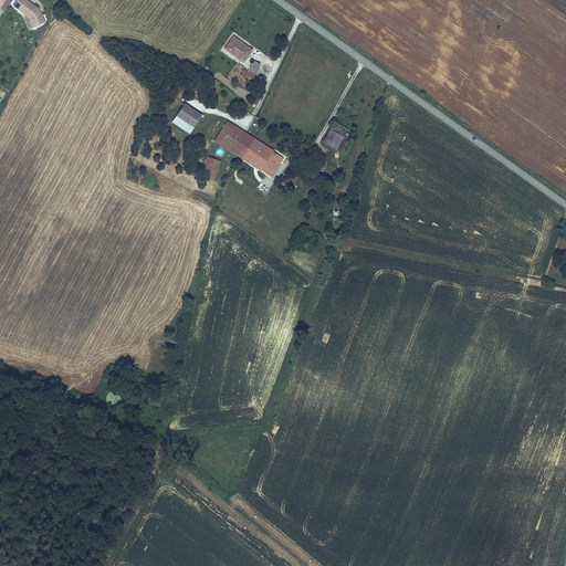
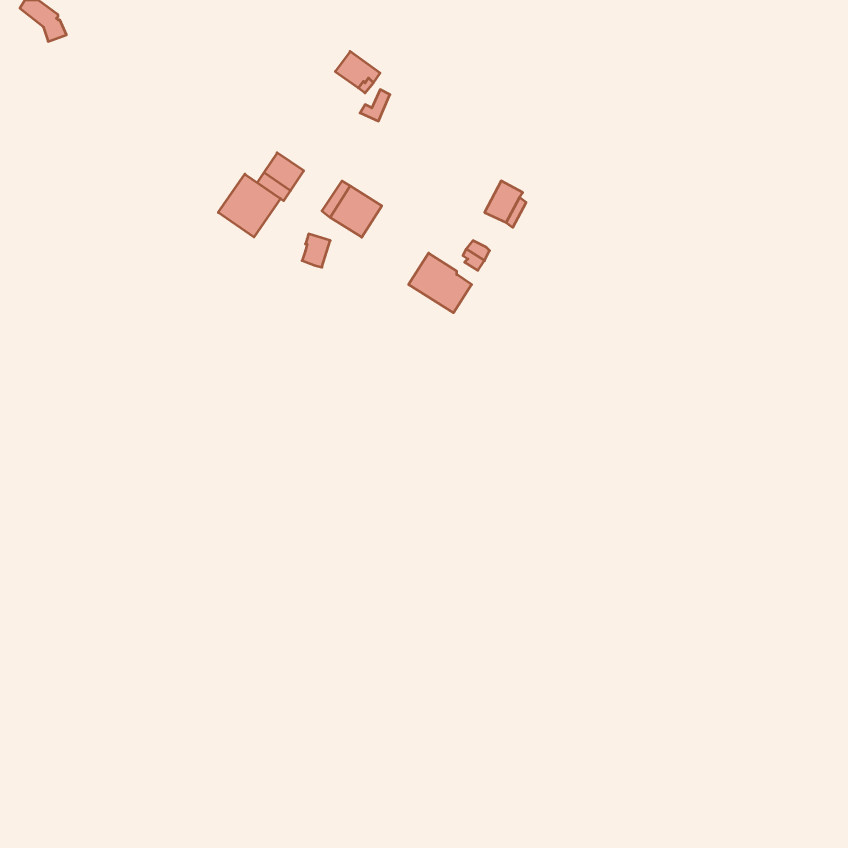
building: none -> [218,174,280,237]
building: [241,137,283,177] -> [409,253,472,313]

